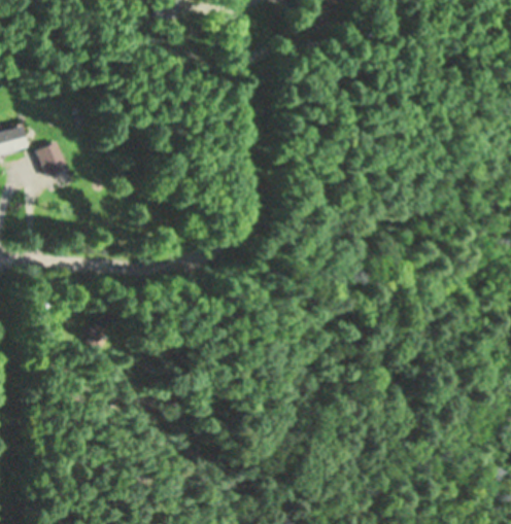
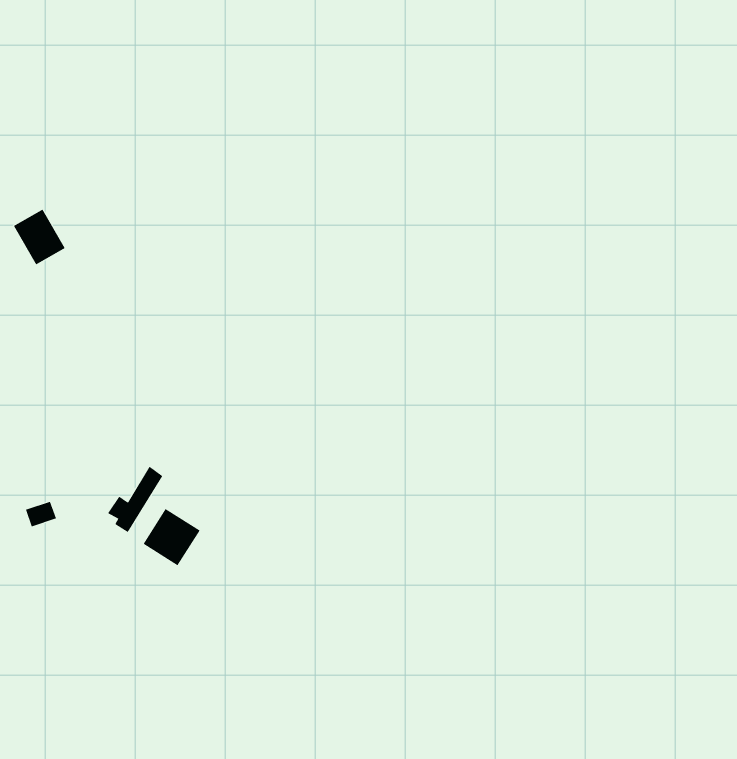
building: none -> [143,508,200,566]

